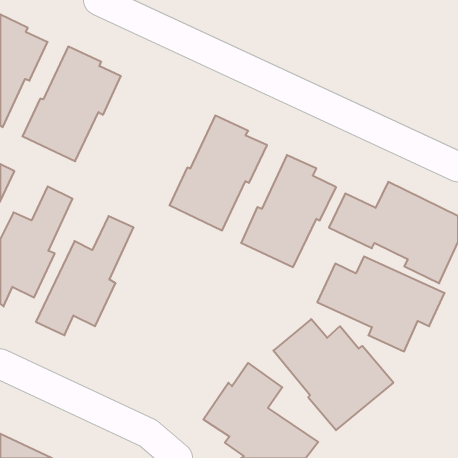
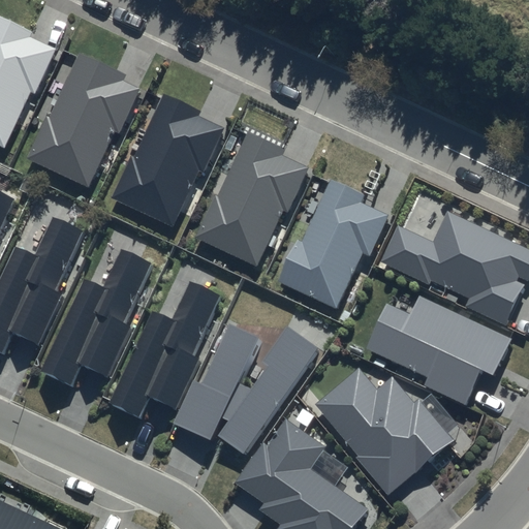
building: none -> [112,93,224,225]
building: none -> [107,282,220,419]
building: none -> [174,324,317,455]

